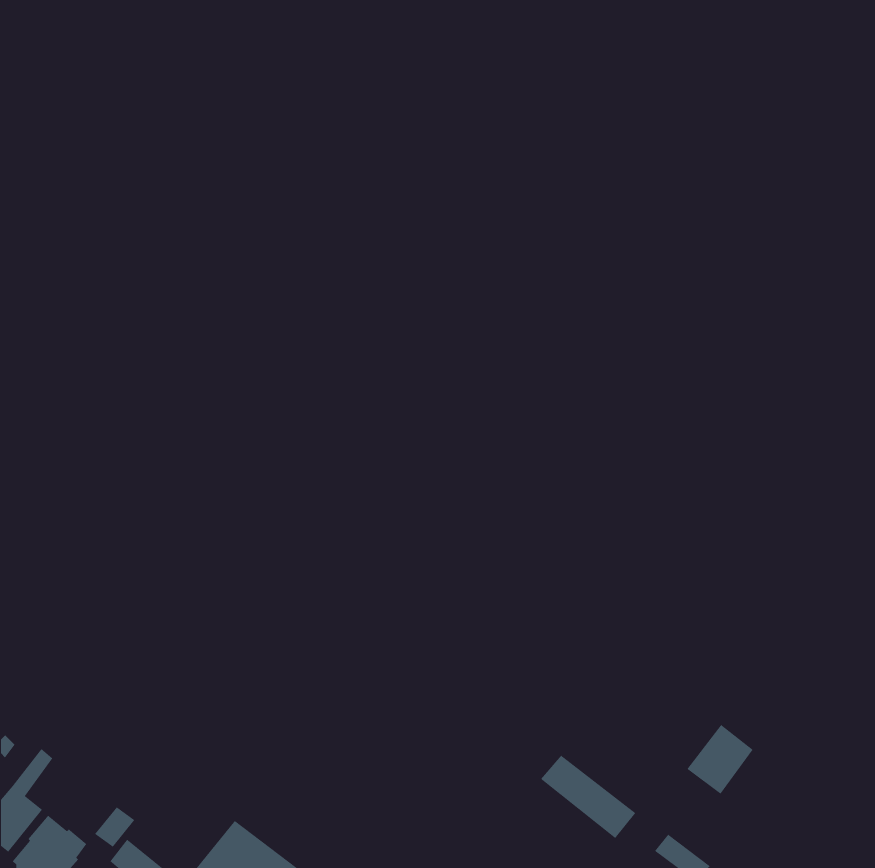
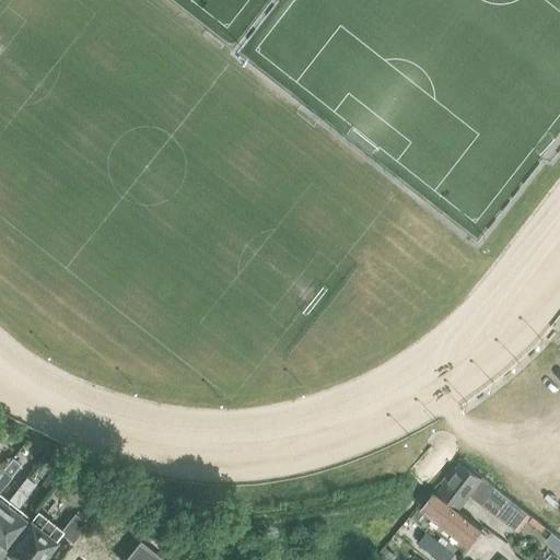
building: [540,755,636,839] -> [421,497,482,550]
building: none -> [482,493,527,534]

